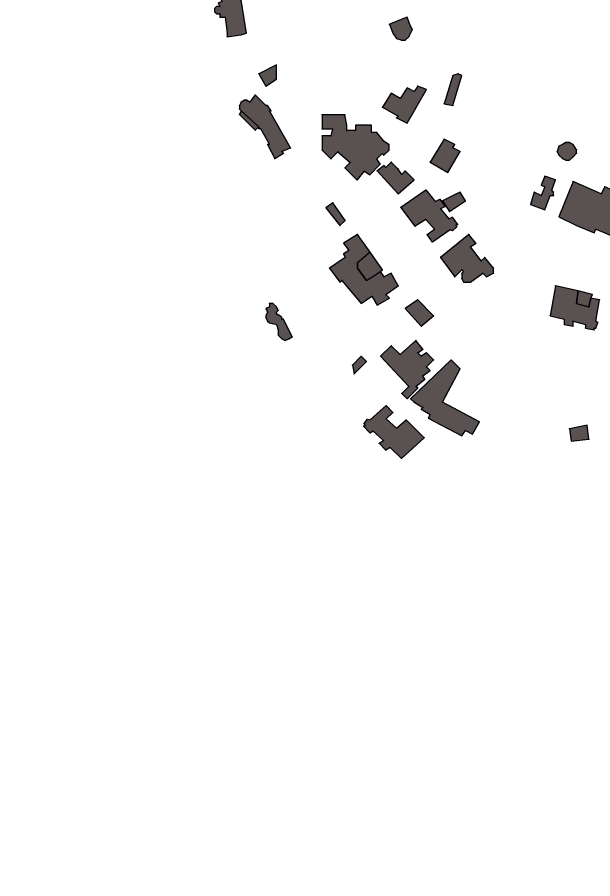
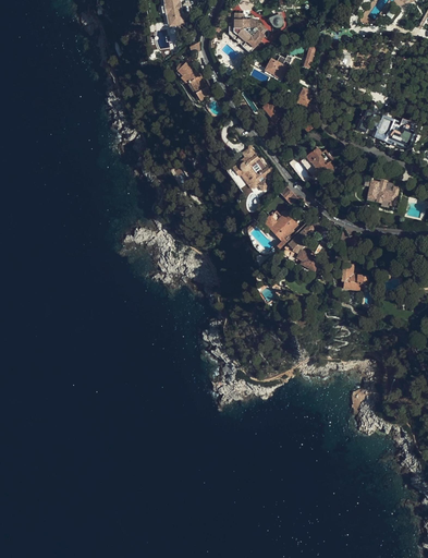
building: [322,115,389,180] -> [229,12,270,52]
building: [401,190,458,242] -> none
building: [364,406,424,458] -> none
building: none -> [341,264,367,290]

